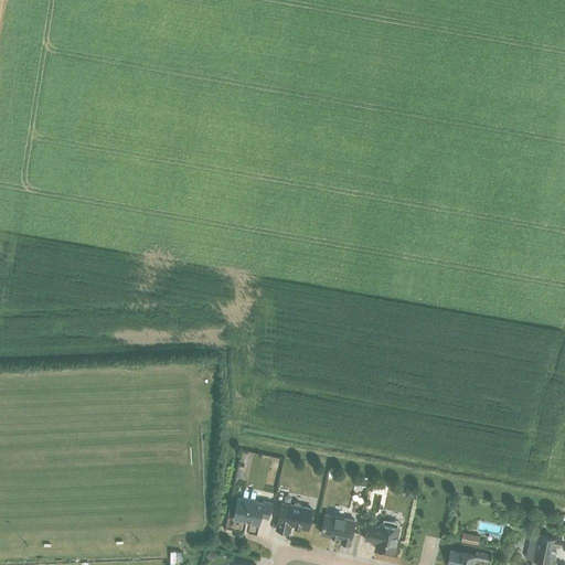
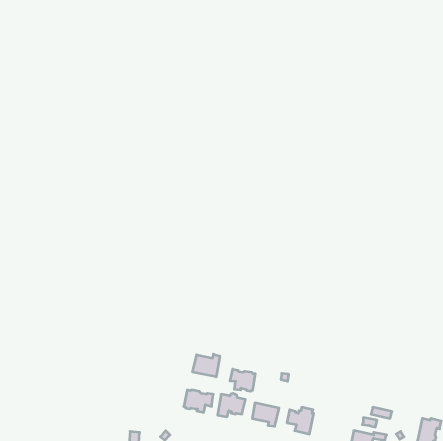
building: none -> [193,354,220,377]
building: none -> [230,369,255,391]

